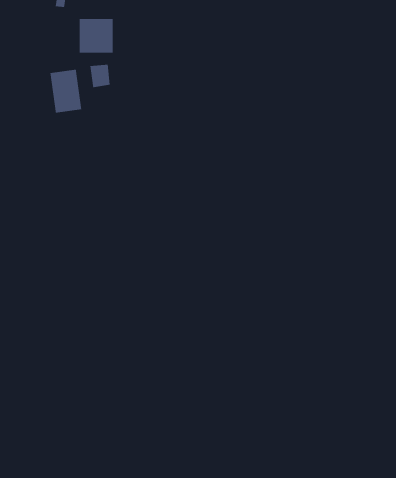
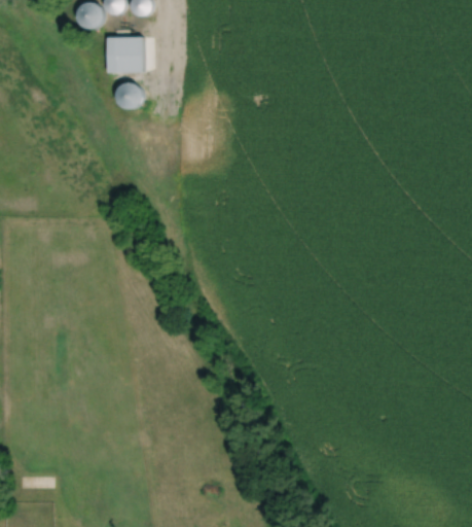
building: [50,69,82,113] -> none

